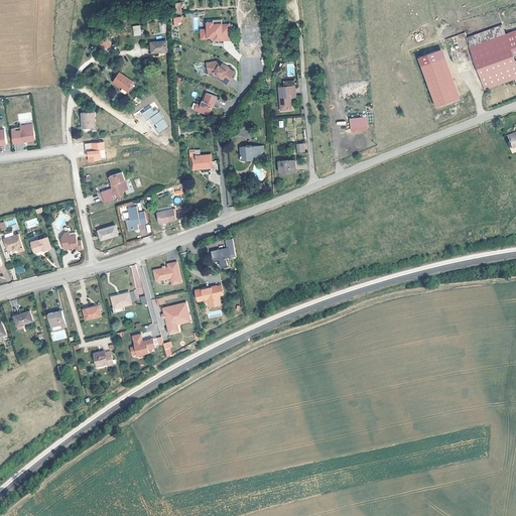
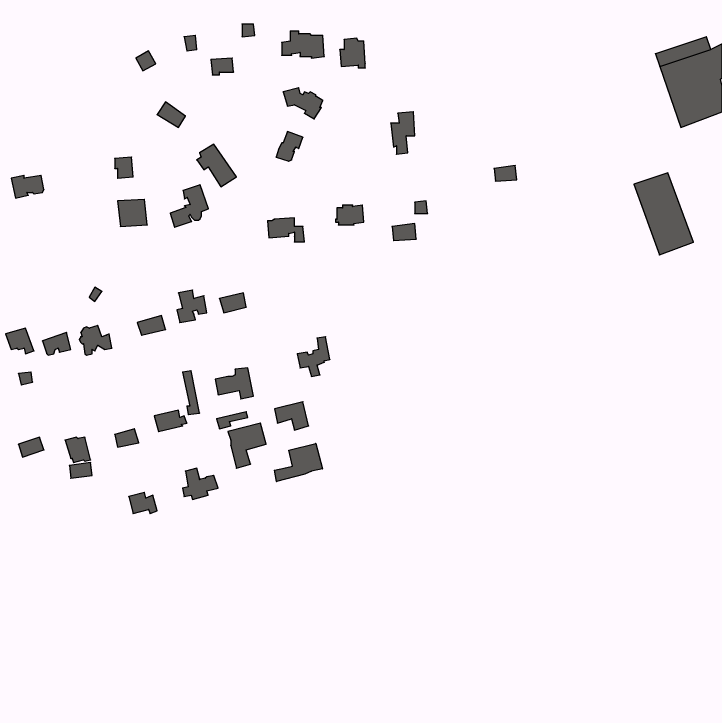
building: [418,50,461,109] -> [634,173,693,255]
building: [101,172,128,203] -> [170,185,208,227]
building: none -> [274,443,322,482]

